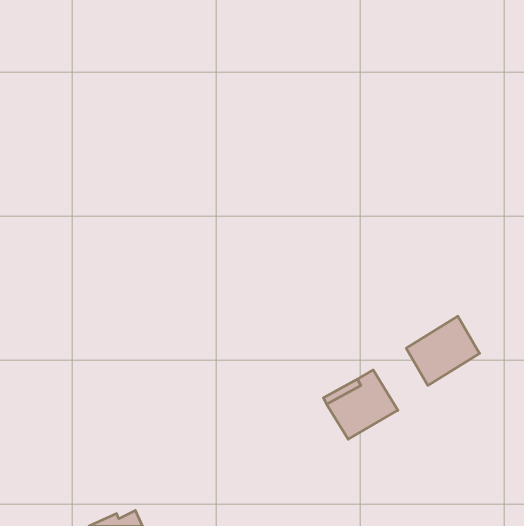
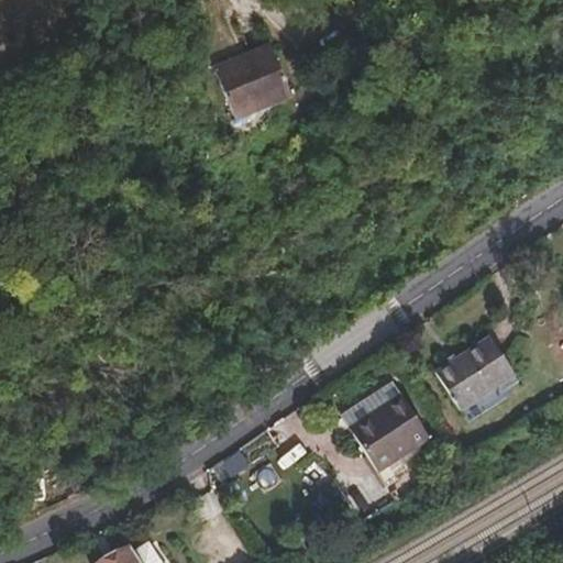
building: none -> [217,47,292,120]

